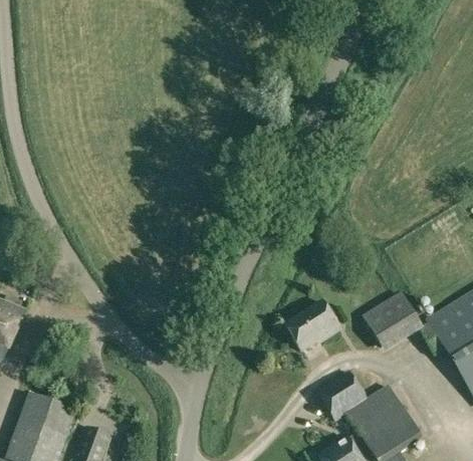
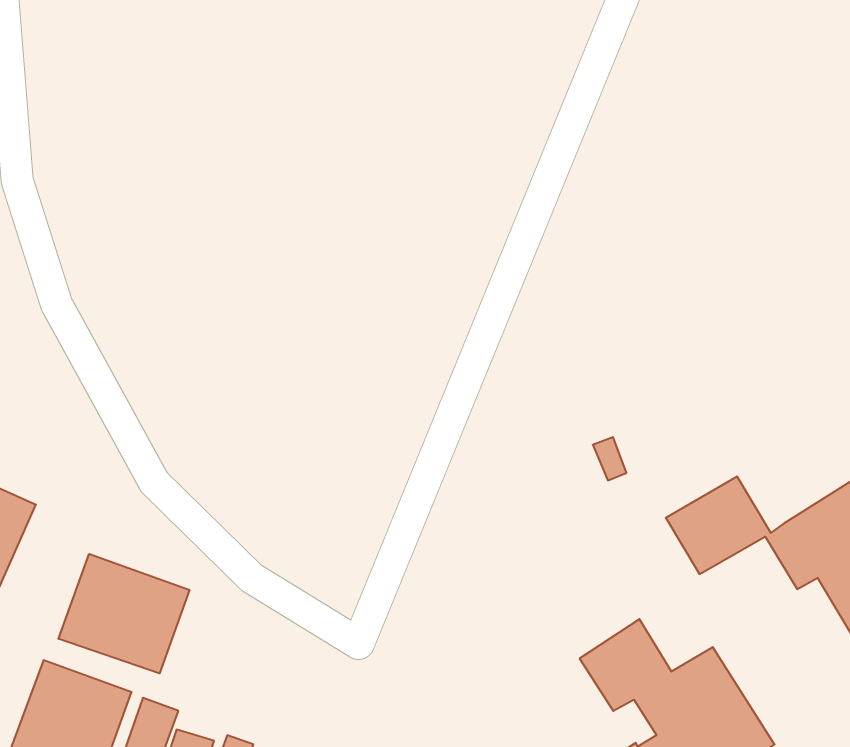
building: [284,301,339,351] -> none
building: none -> [58,554,189,673]

